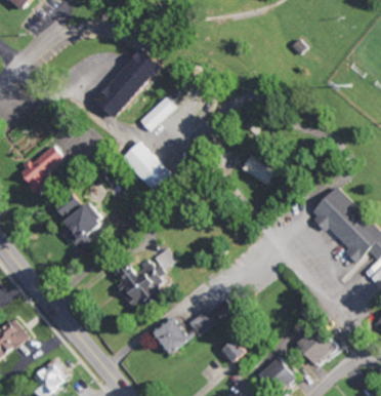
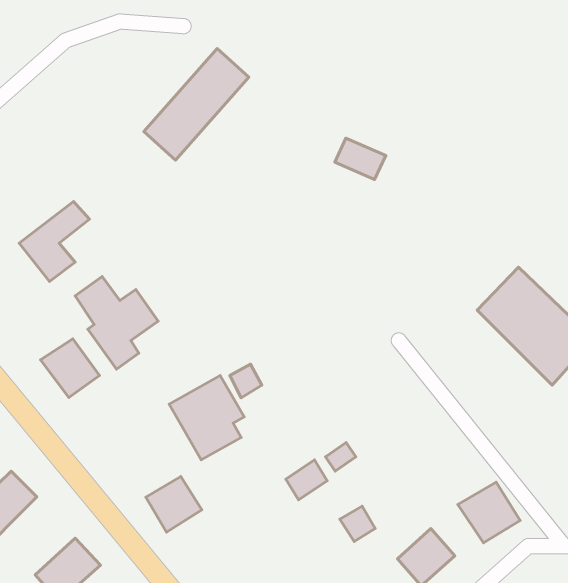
building: [137,96,176,131] -> none
building: [117,141,172,197] -> none
building: [240,156,272,183] -> [335,138,386,180]
building: none -> [40,339,100,398]
building: [155,318,190,354] -> [146,476,202,532]

